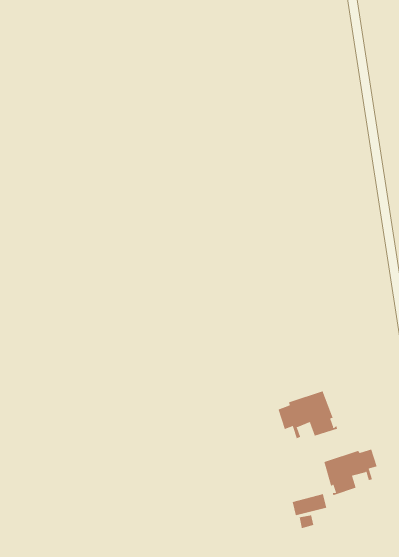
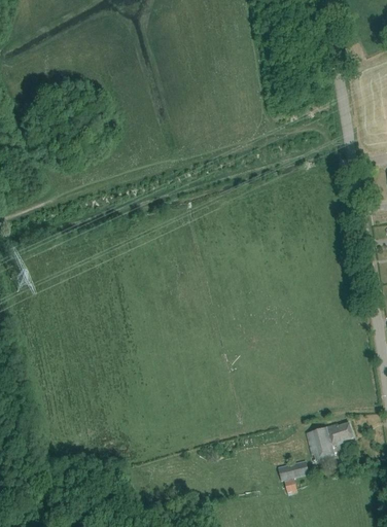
building: [278,390,338,439] -> none

